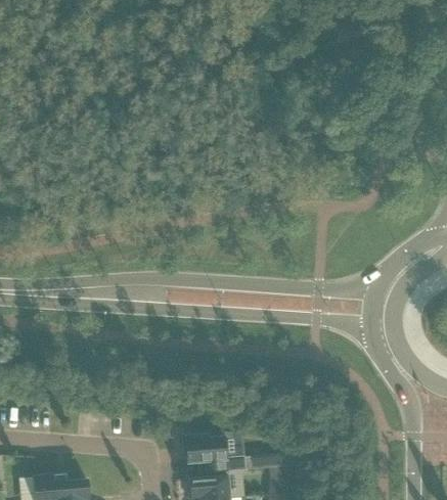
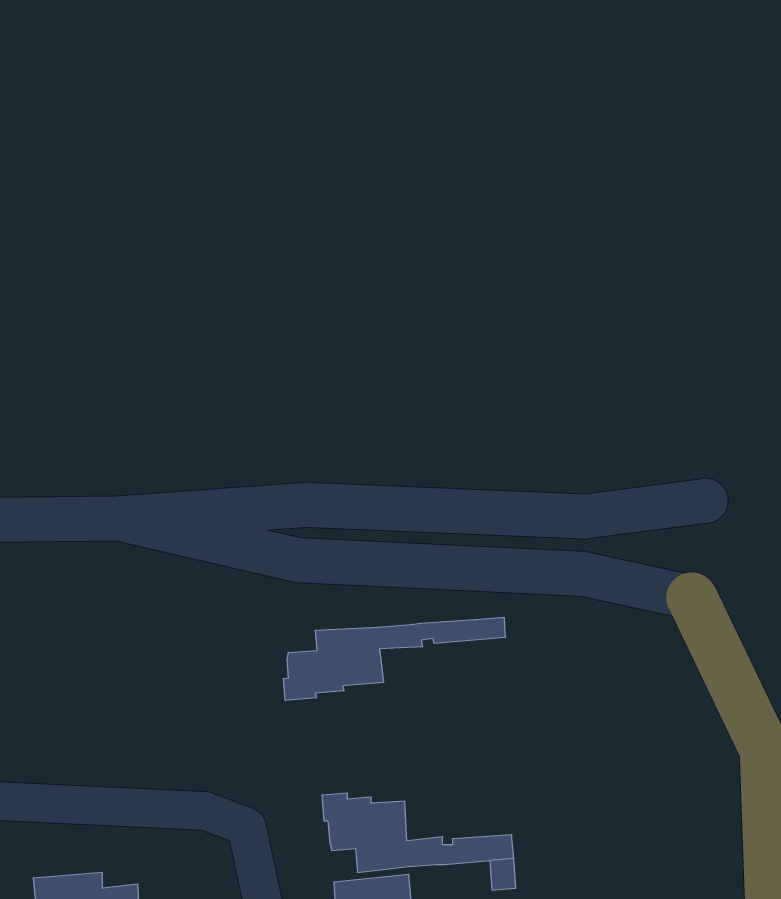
building: none -> [284,617,505,700]

